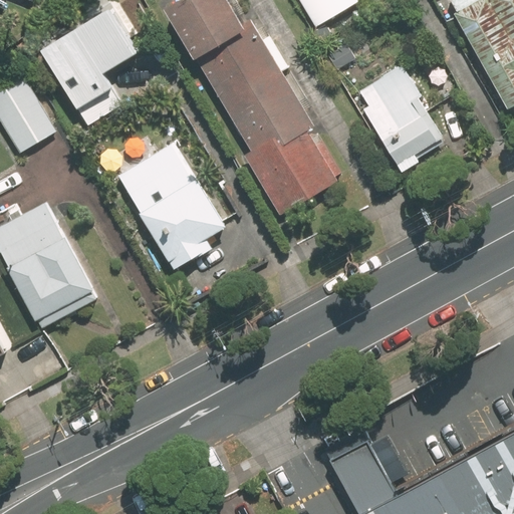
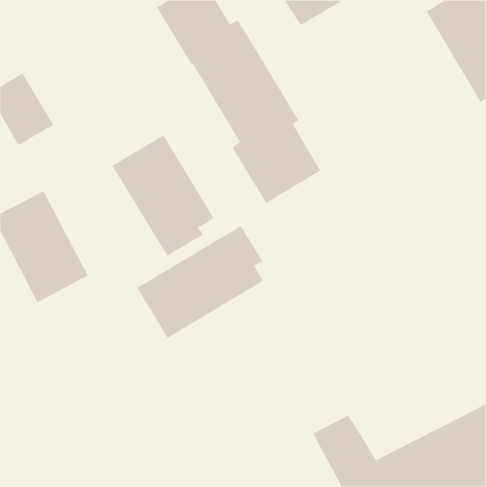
building: [42,7,141,123] -> none
building: [360,79,444,172] -> none
building: none -> [136,225,264,339]

